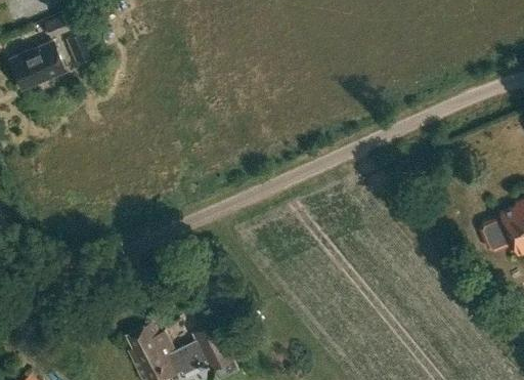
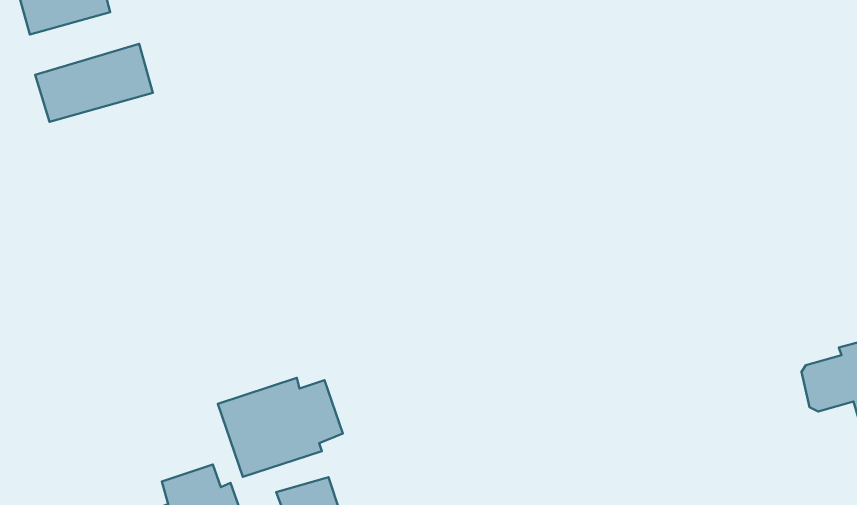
building: none -> [35,44,153,122]
building: none -> [218,378,343,477]

